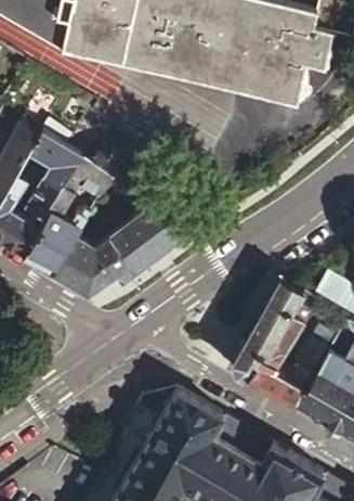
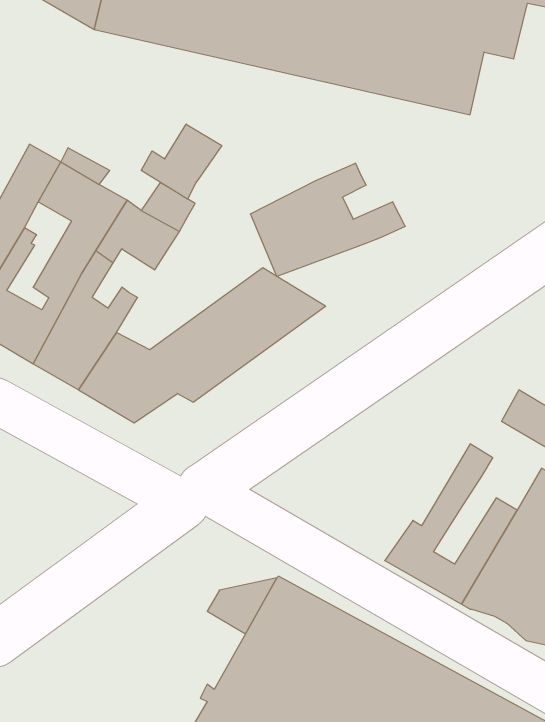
building: none -> [141,124,222,199]
building: none -> [250,163,405,277]
building: [233,282,306,383] -> none

